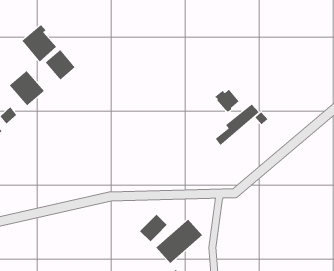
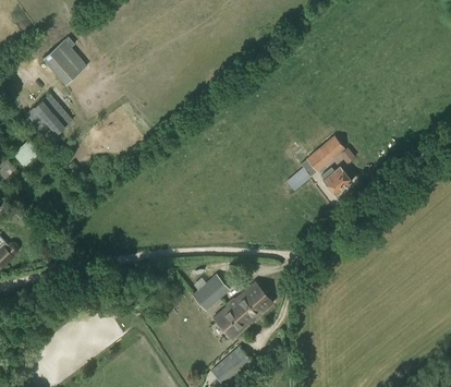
building: [45,49,76,81] -> none
building: [215,89,239,112] -> [320,167,352,196]

